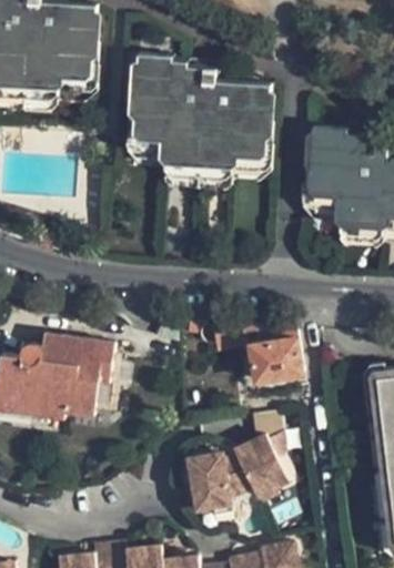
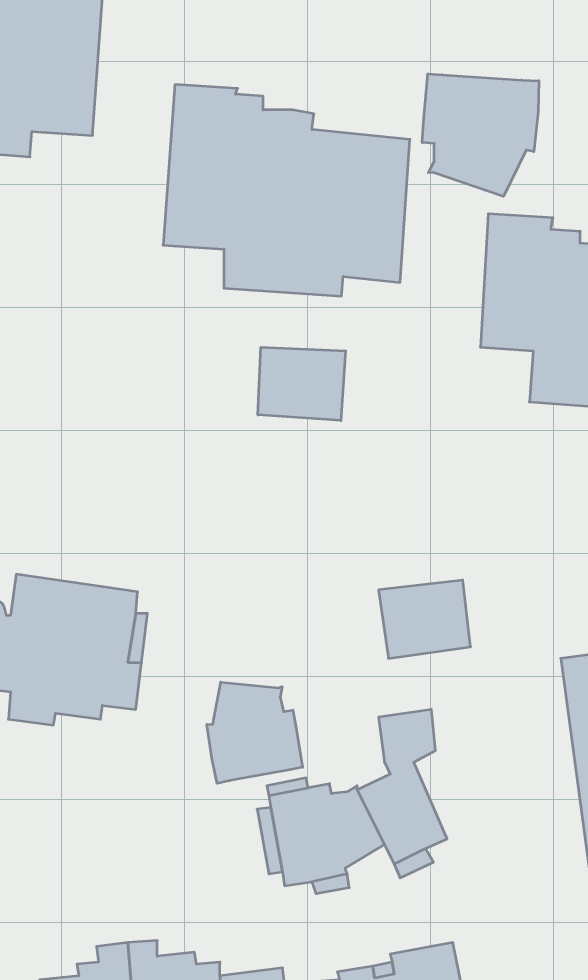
building: none -> [422,74,539,196]
building: none -> [258,347,346,421]
building: none -> [207,682,303,783]

